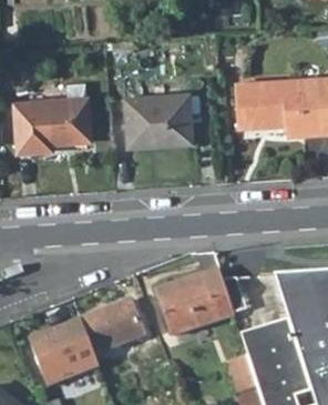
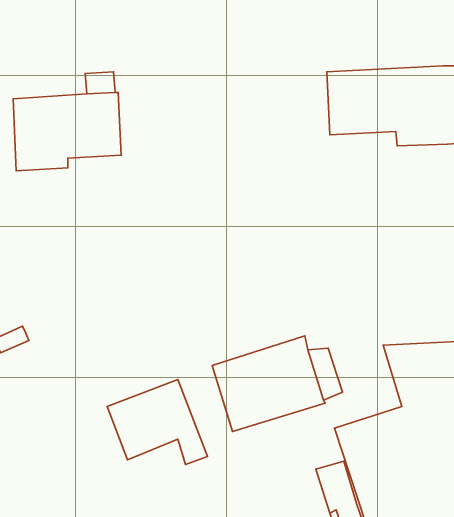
building: [126,95,191,145] -> none
building: [29,320,99,387] -> none

